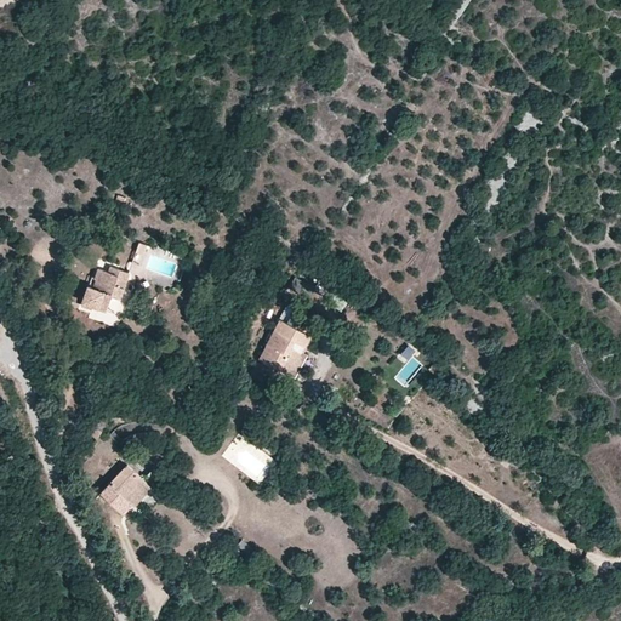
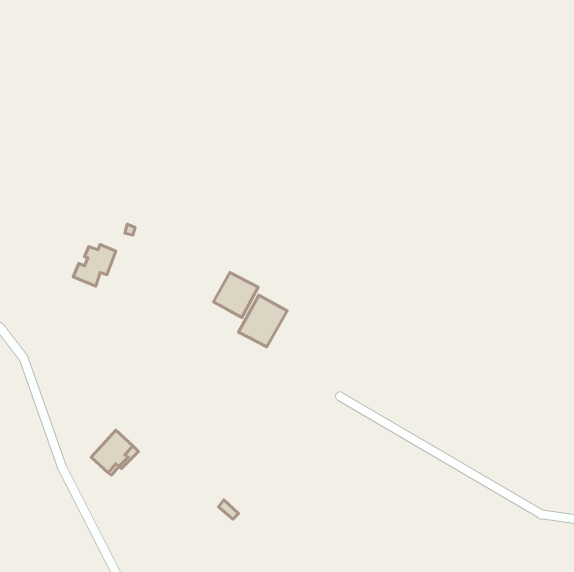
building: none -> [213,273,258,317]

